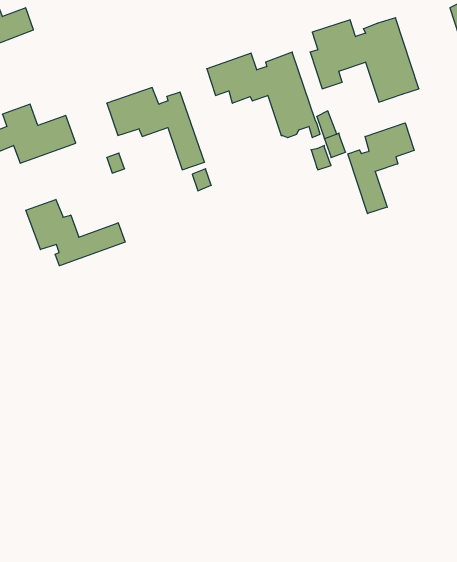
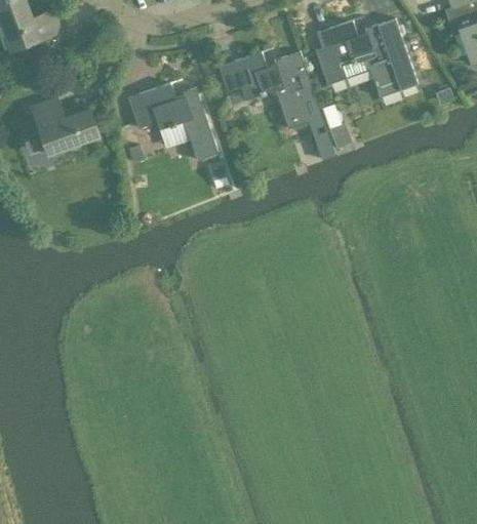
building: [348,123,414,214] -> none
building: [26,199,125,266] -> none

